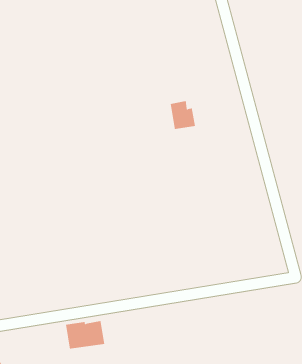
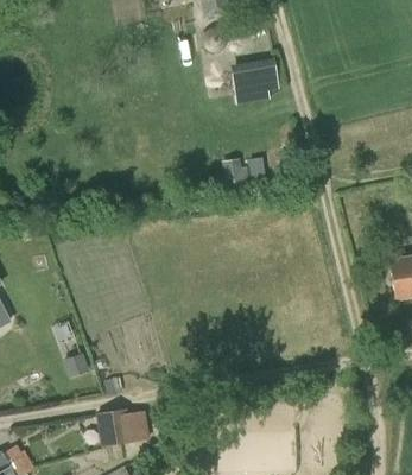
building: none -> [233,63,279,95]

